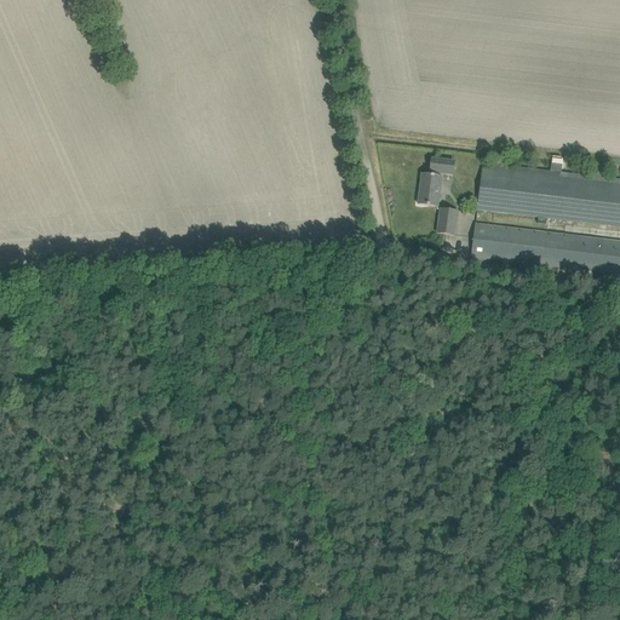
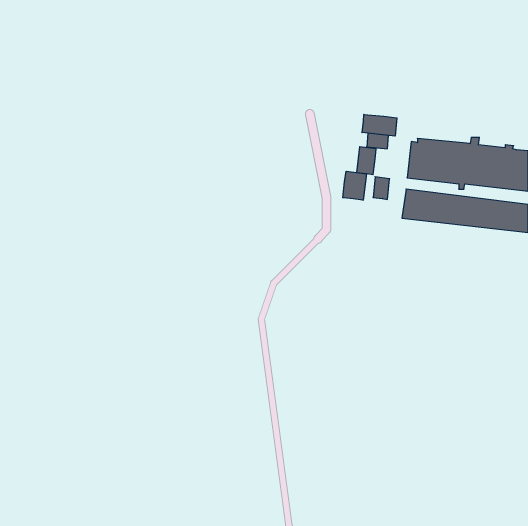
building: none -> [362,114,397,136]
building: none -> [343,171,367,200]

